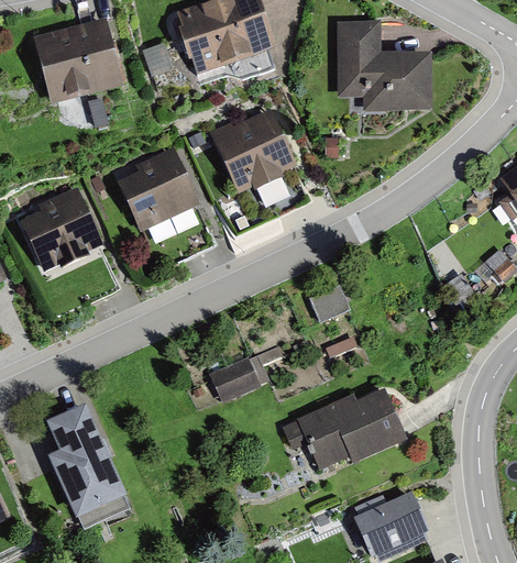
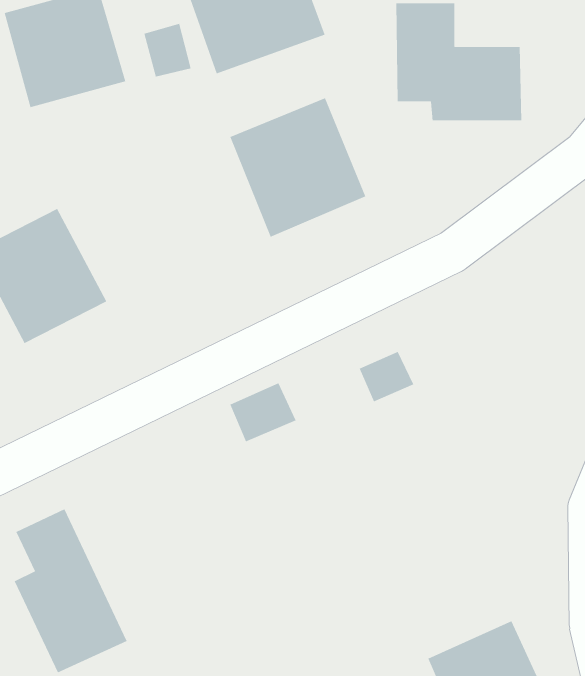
building: [114,148,197,233] -> none
building: [207,358,257,404] -> [229,383,296,442]
building: [288,380,410,479] -> none

